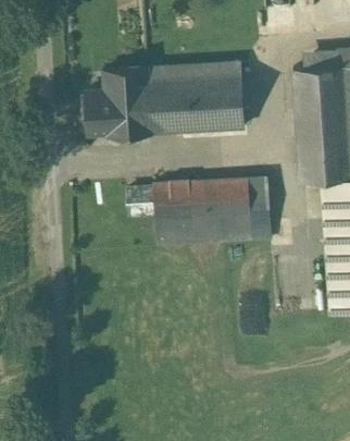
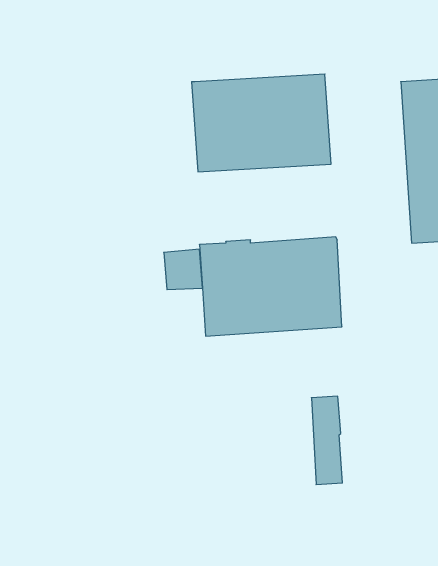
building: [87,66,151,134] -> none
building: [249,177,271,240] -> [311,396,342,485]

